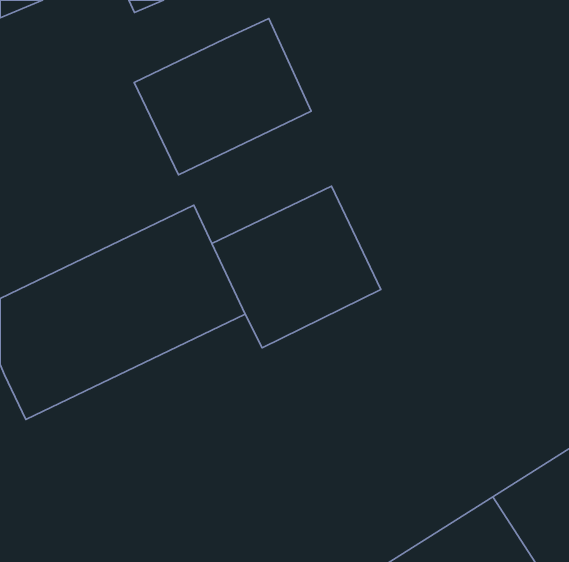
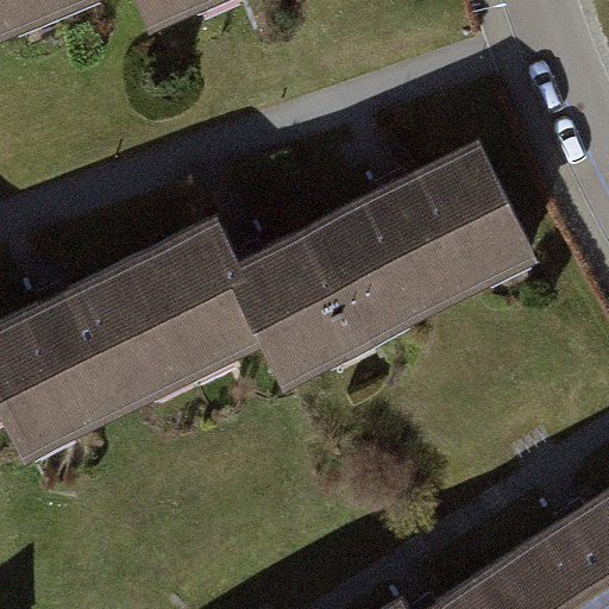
building: [134,18,311,175] -> none
building: none -> [356,150,530,319]

